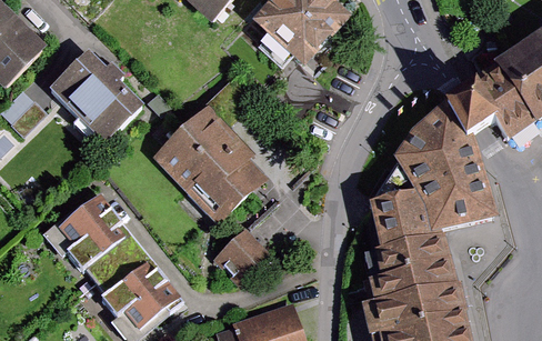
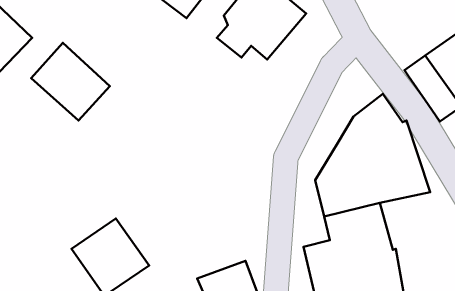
building: [444,87,495,139] -> none
building: [151,110,263,222] -> none
building: [51,199,128,275] -> none
building: [213,225,273,284] -> none

